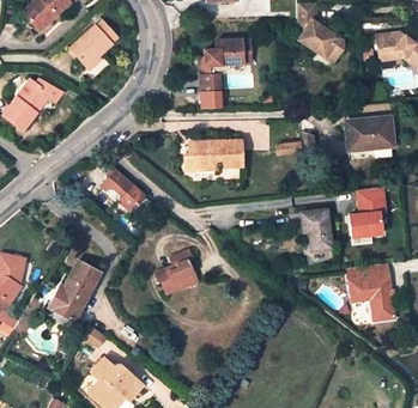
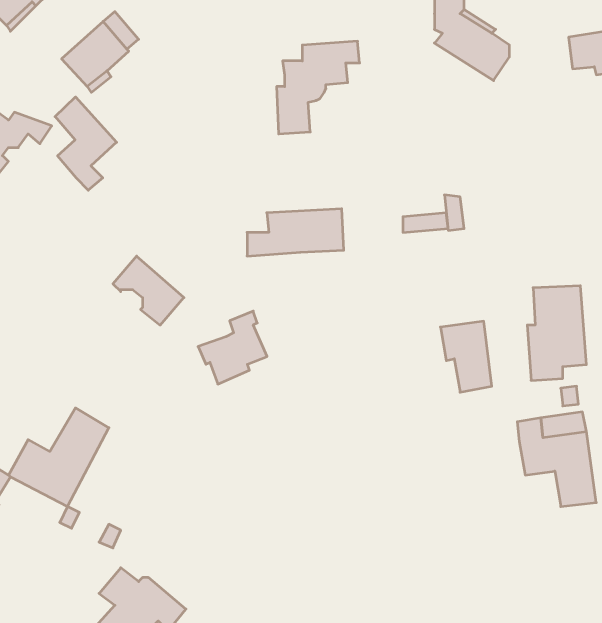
building: none -> [55,97,117,190]
building: [346,116,393,150] -> none
building: [155,250,196,294] -> [198,311,267,384]

